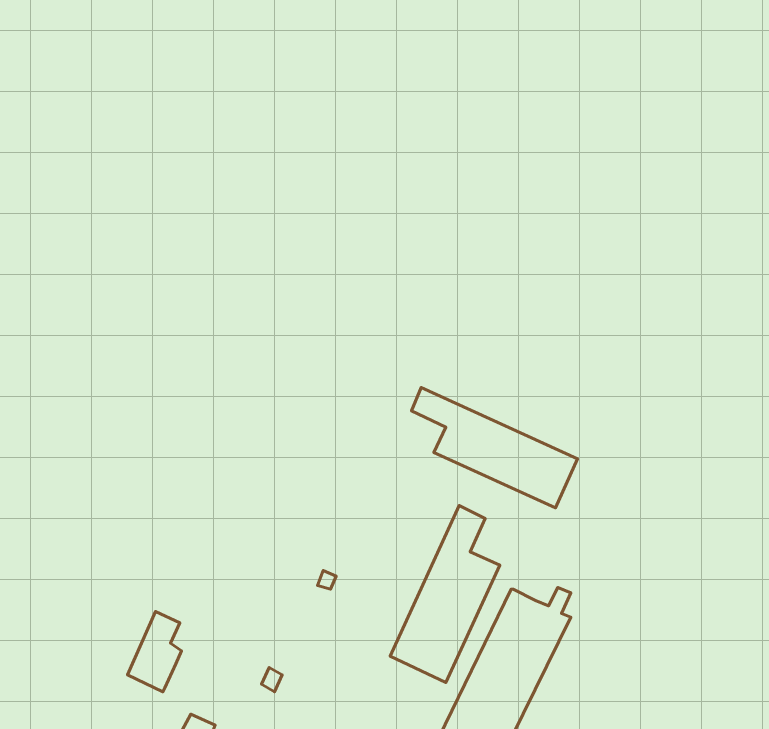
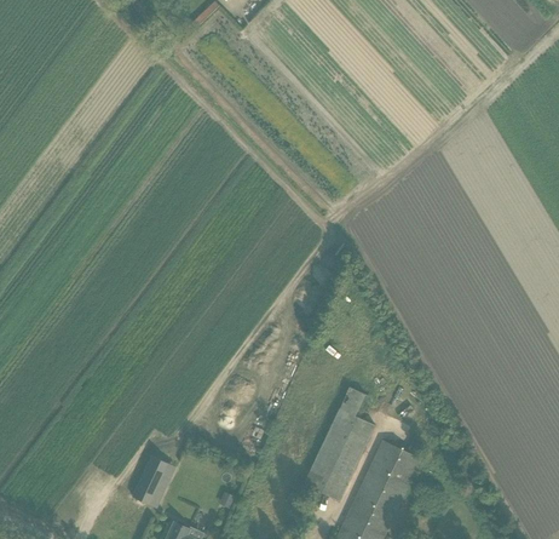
building: [412,388,577,508] -> none

